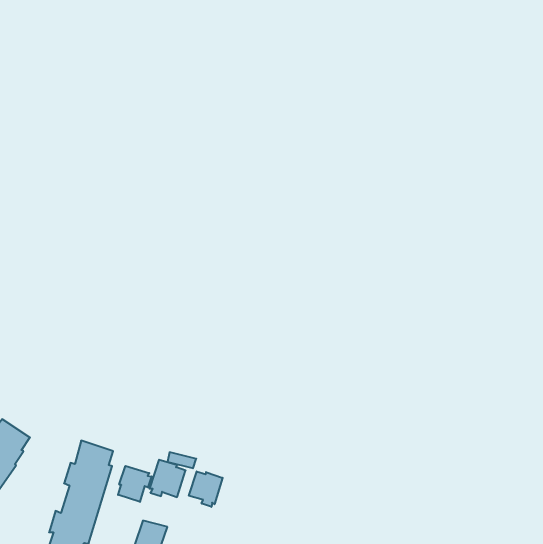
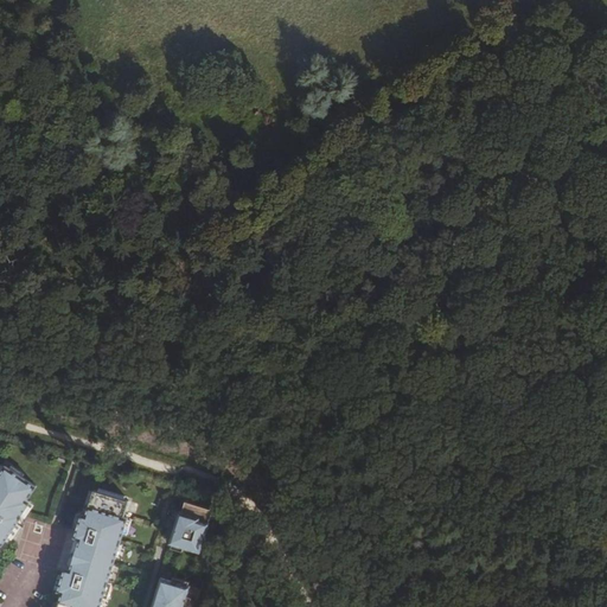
building: [118,466,152,502] -> none
building: [189,471,223,507] -> none

